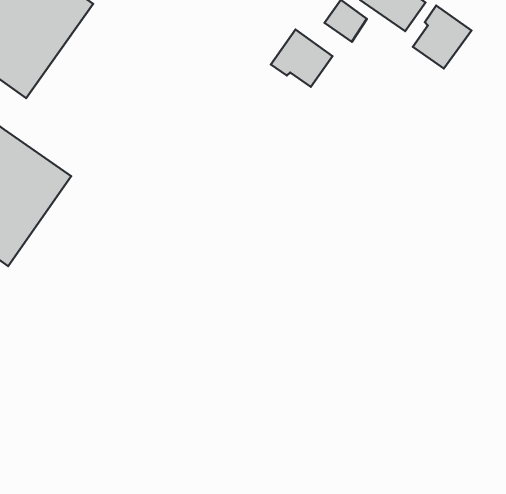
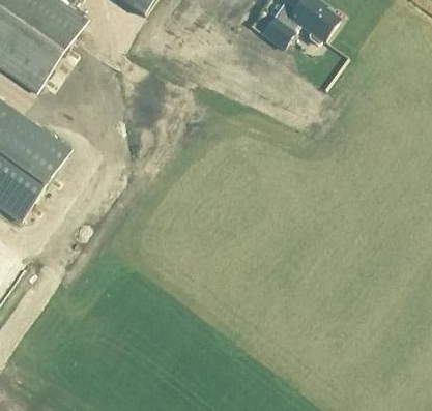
building: [413,6,471,69] -> none
building: [271,30,332,87] -> none

